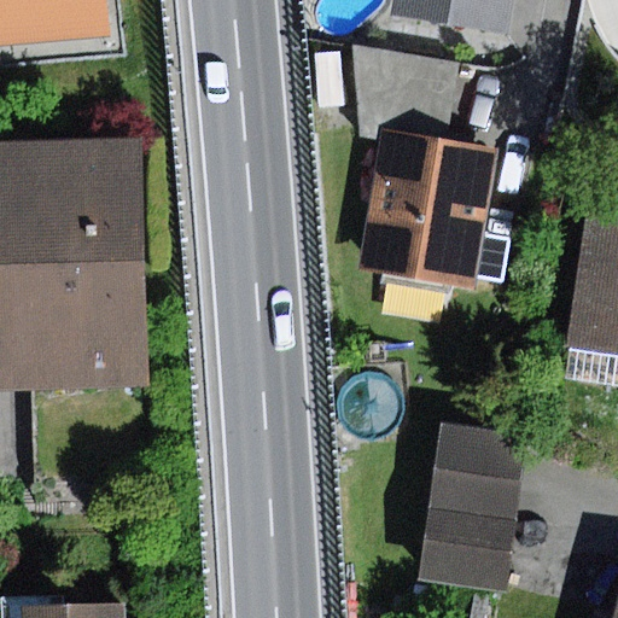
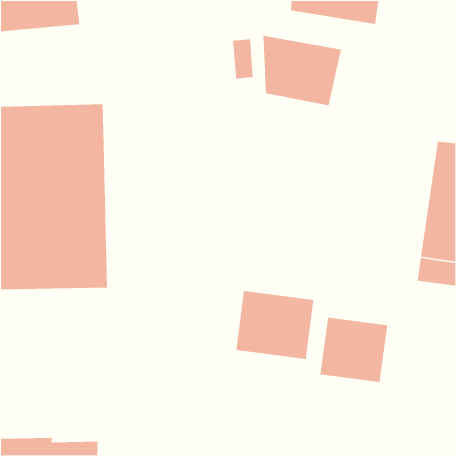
building: [356,132,503,295] -> none
building: none -> [236,290,314,360]
building: [421,507,514,594] -> none

